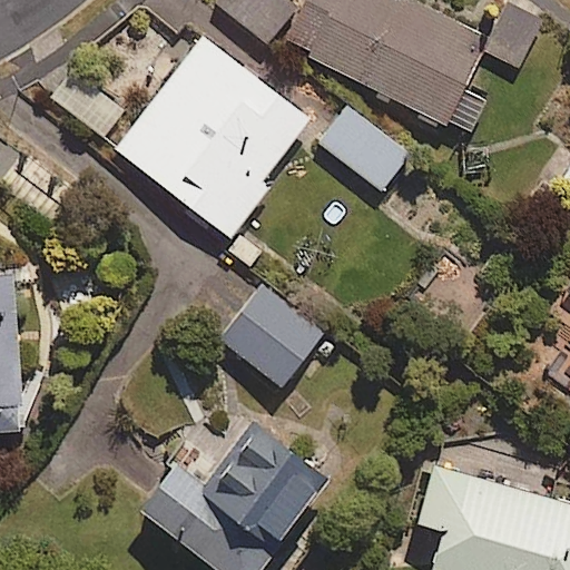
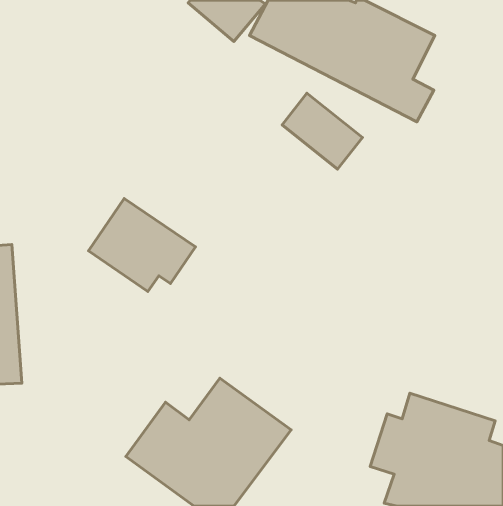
building: [115,37,308,237] -> none
building: [214,284,334,389] -> [88,198,195,292]

